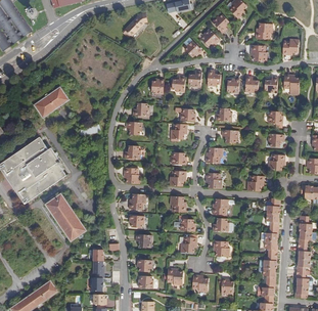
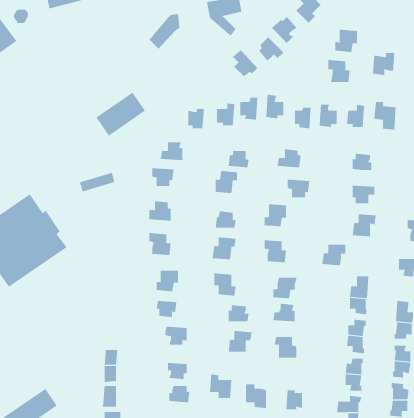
building: [34,88,70,120] -> [95,92,146,136]
building: [46,195,87,243] -> none

